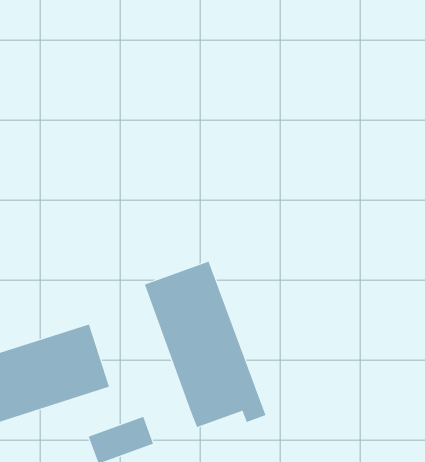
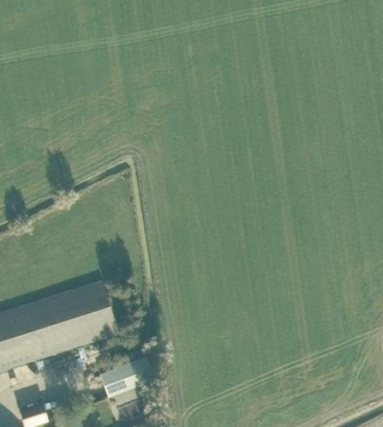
building: [144,261,266,428] -> none

